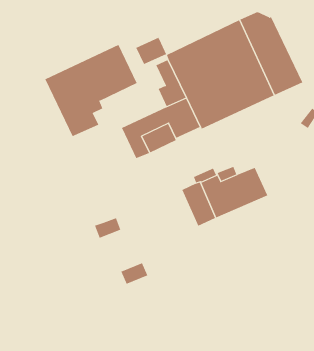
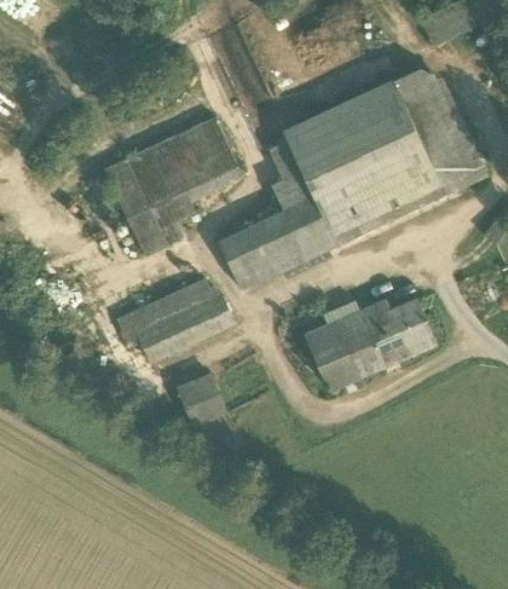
building: [136,37,167,65] -> none
building: none -> [127,278,235,360]
building: [121,263,148,285] -> [185,392,226,425]

